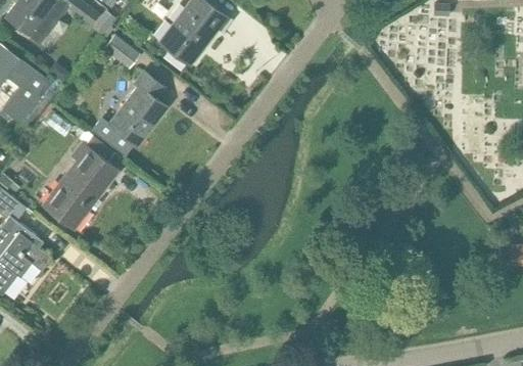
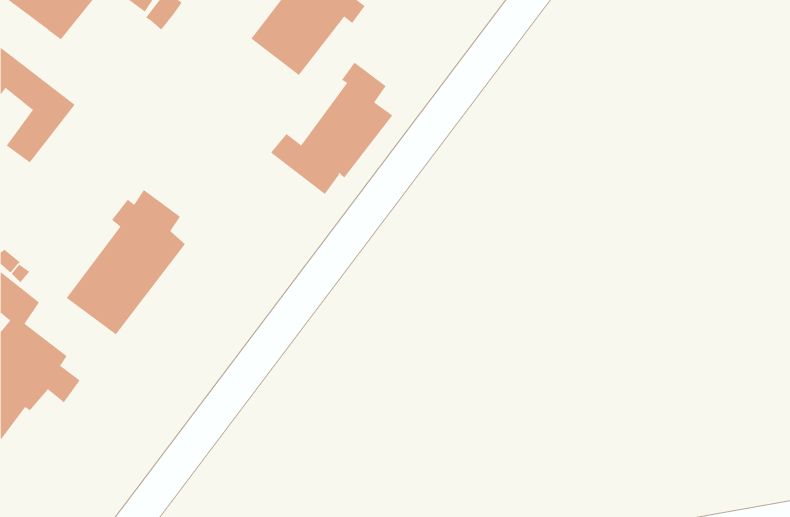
building: [102,35,139,70] -> none
building: [90,73,168,156] -> [270,62,393,195]

